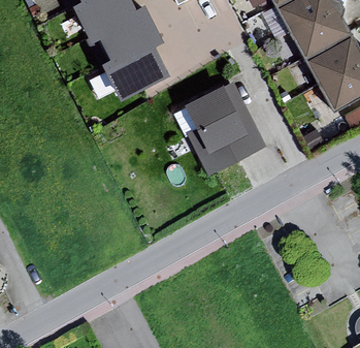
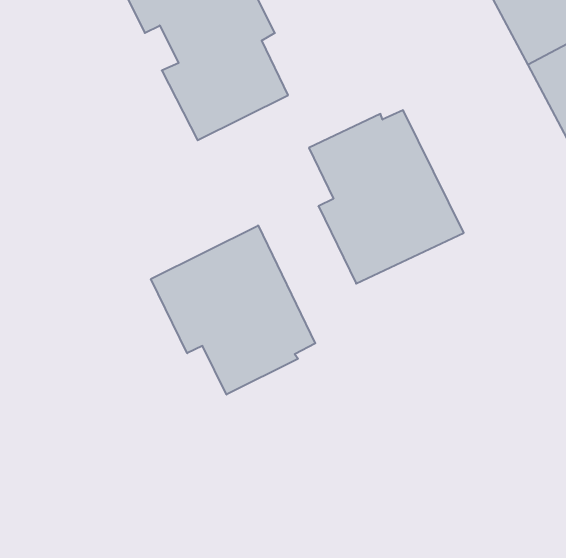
building: none -> [151,225,315,395]

